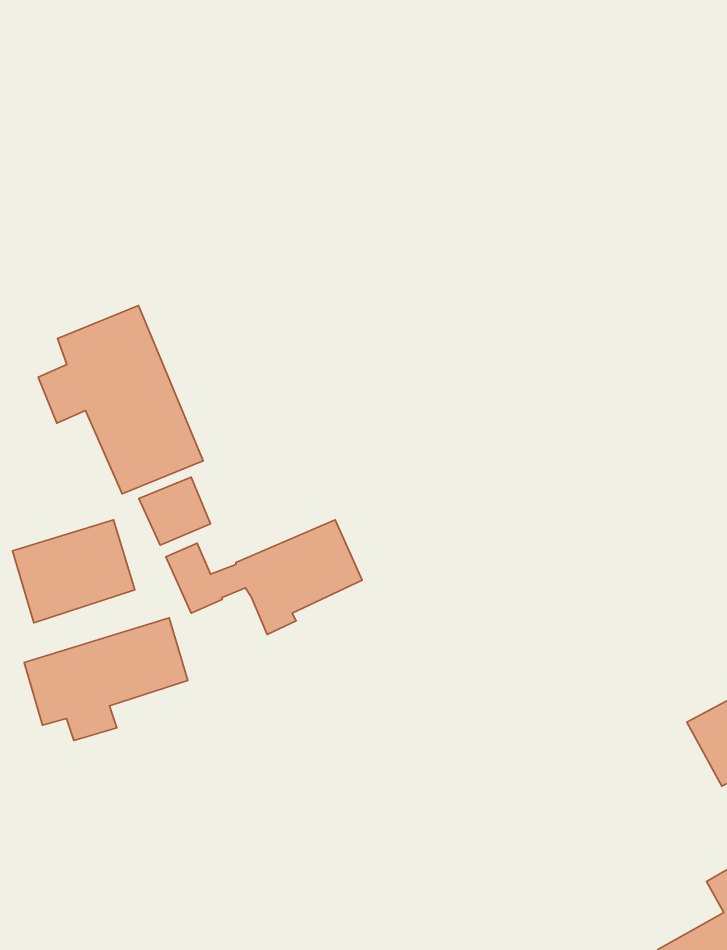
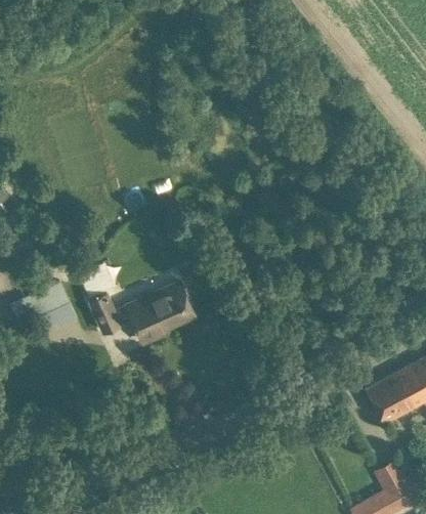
building: [38,305,203,494] -> none
building: [24,618,188,741] -> none

